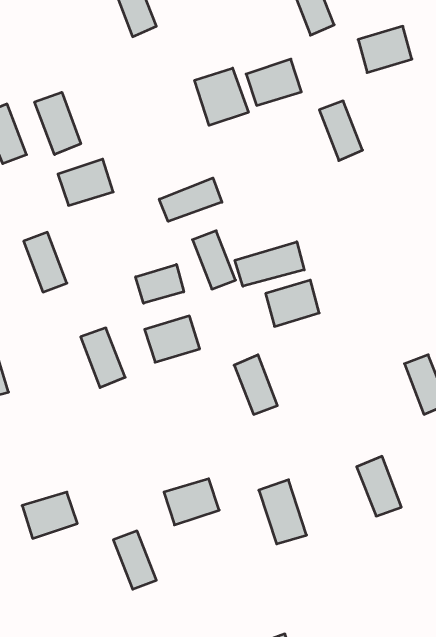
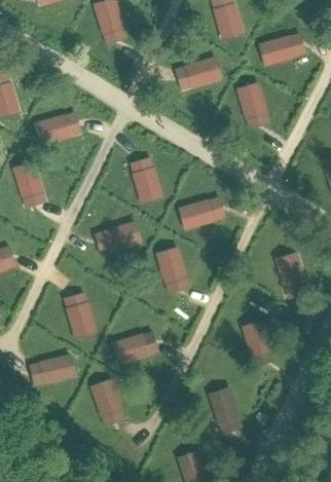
building: [195,68,248,125] -> none
building: [35,92,81,155] -> none
building: [159,178,222,221] -> none
building: [235,242,304,286] -> none
building: [136,264,184,303] -> none
building: [81,328,125,388] -> [58,290,88,331]
building: [259,480,307,544] -> [212,385,245,430]

